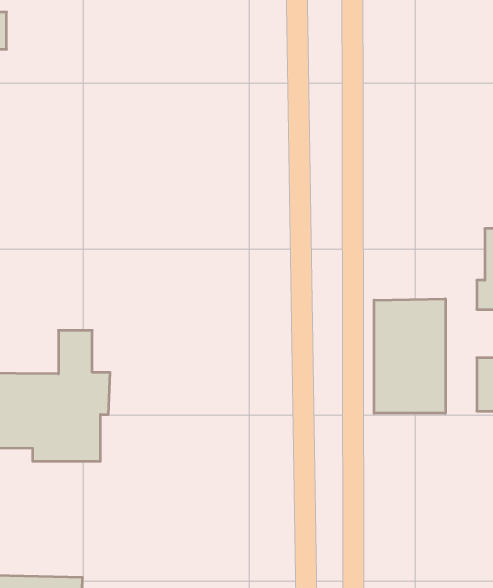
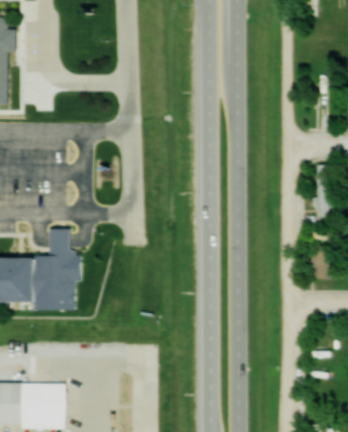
building: [374,299,445,413] -> none

